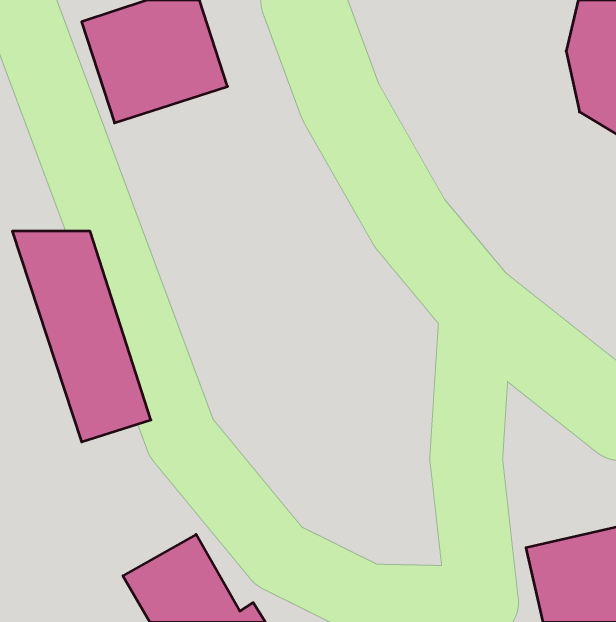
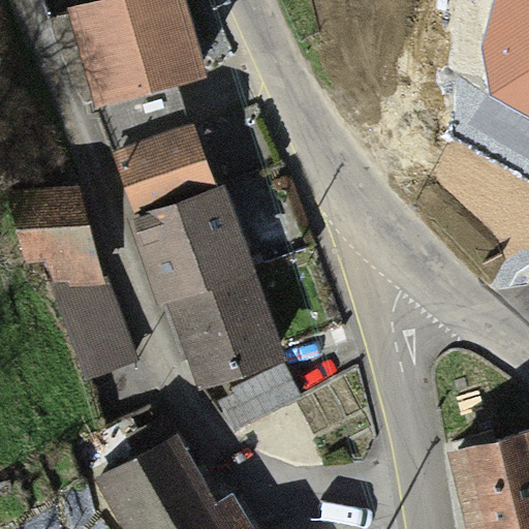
building: none -> [111,125,207,218]
building: none -> [137,205,280,400]

